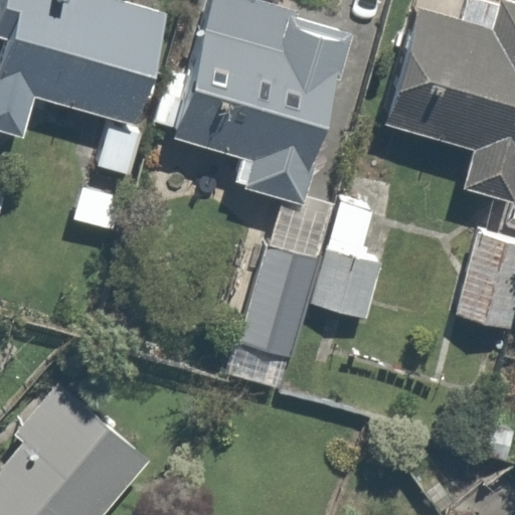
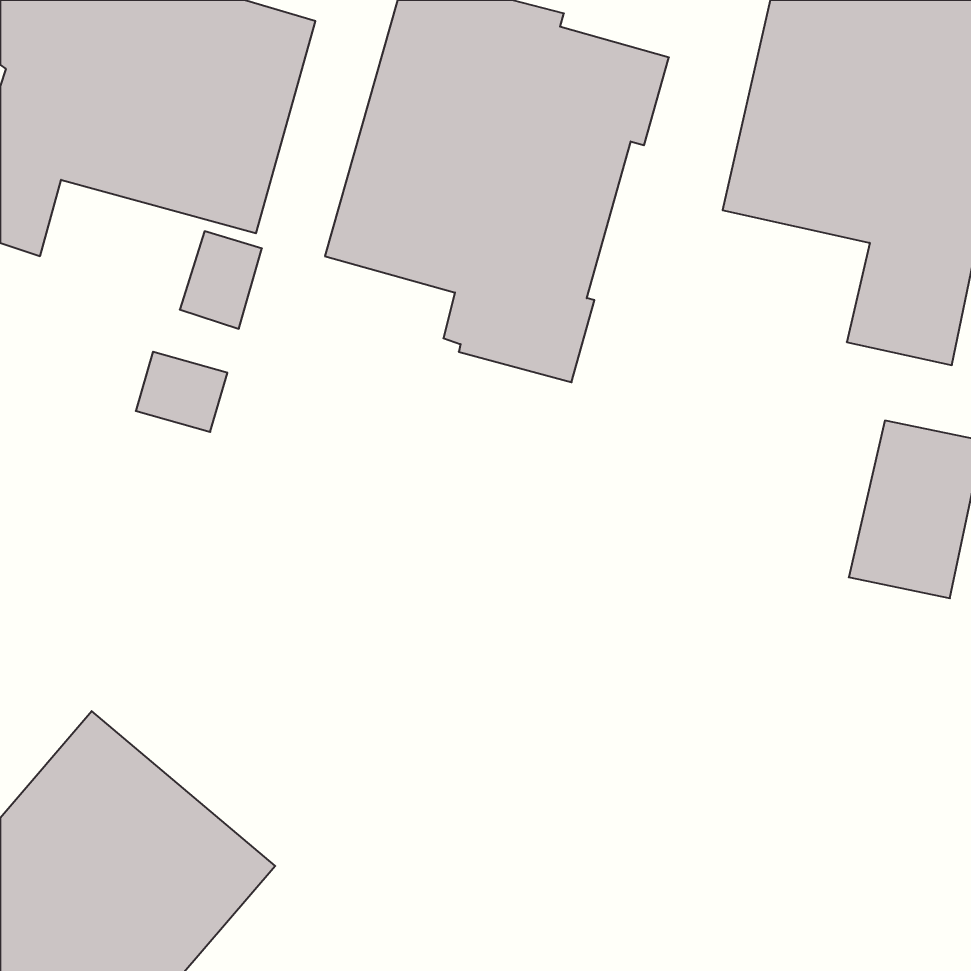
building: [229,197,404,396] -> none

